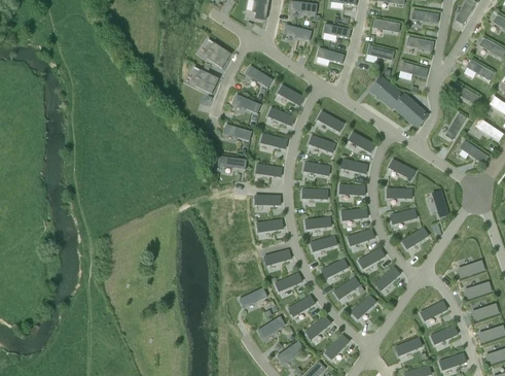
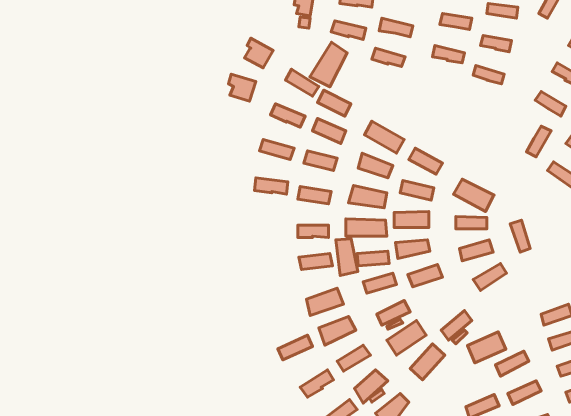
building: none -> [310,42,347,87]
building: [369,76,429,129] -> none
building: none -> [336,239,358,276]
building: [354,244,386,270] -> [467,332,506,363]

